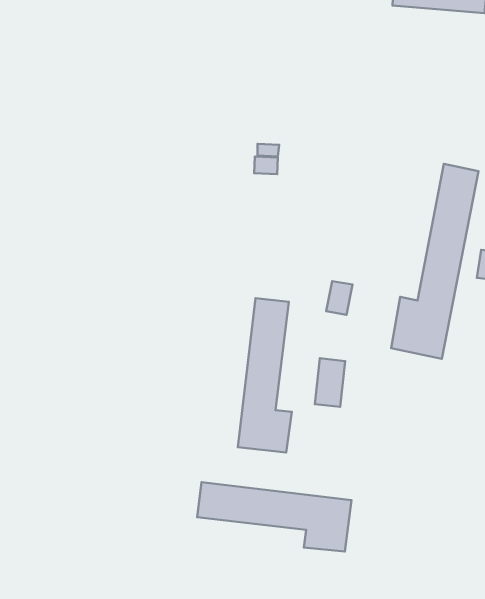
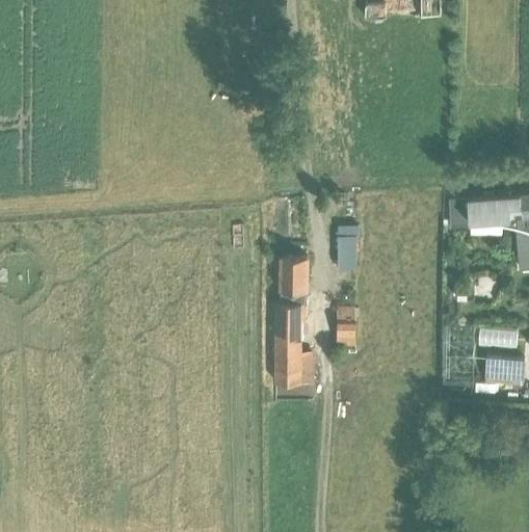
building: [391,164,479,359] -> none
building: [197,482,351,551] -> none

